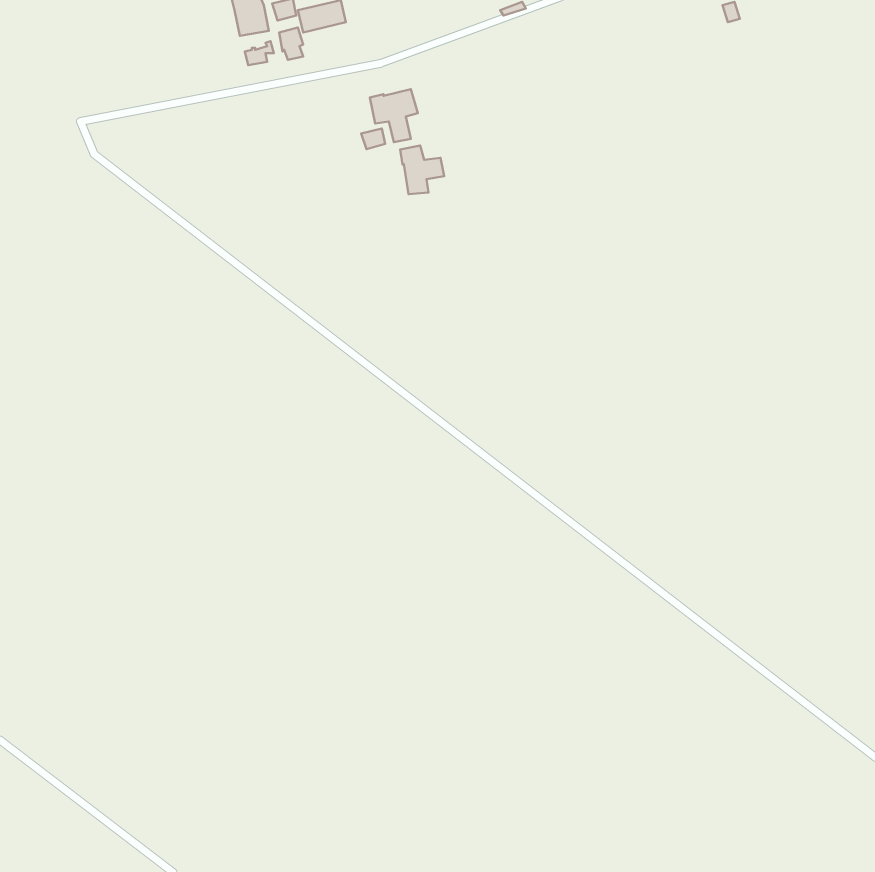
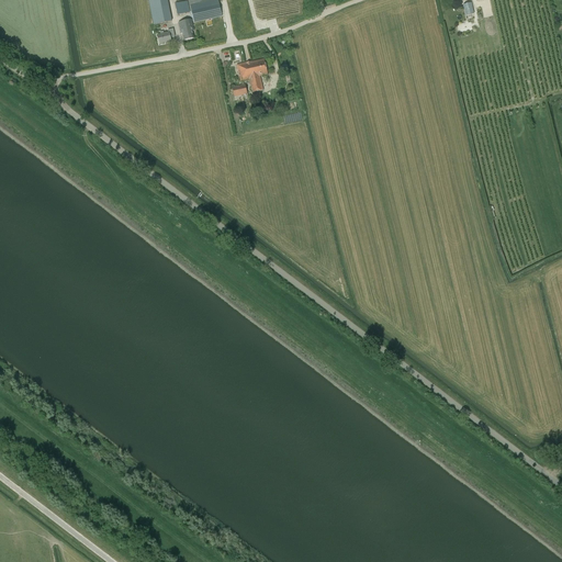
building: [400,146,444,194] -> none

